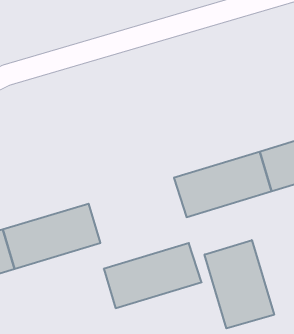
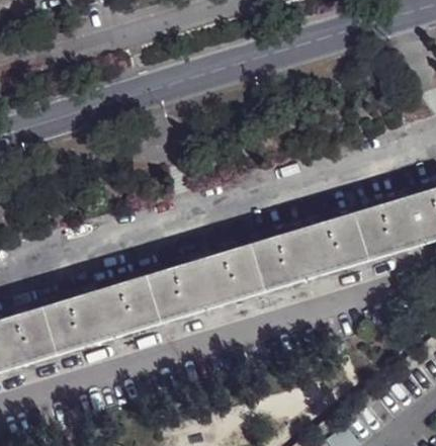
building: [205,240,274,328] -> none
building: [104,243,202,308] -> [149,243,267,322]

